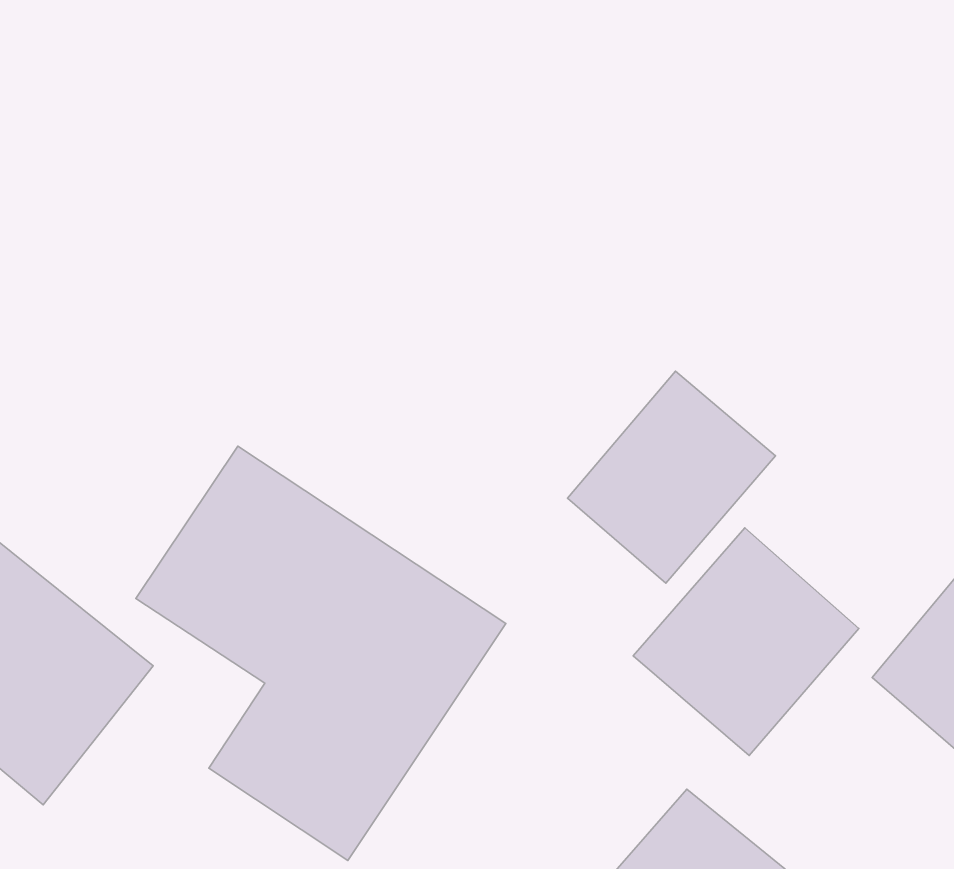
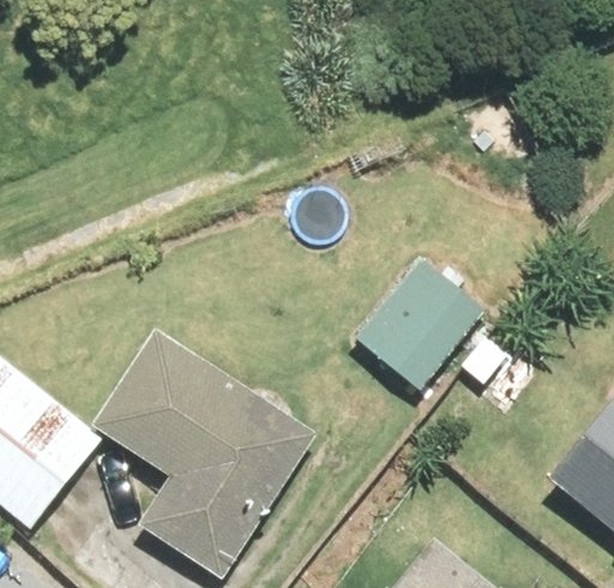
building: [633,528,859,756] -> none

